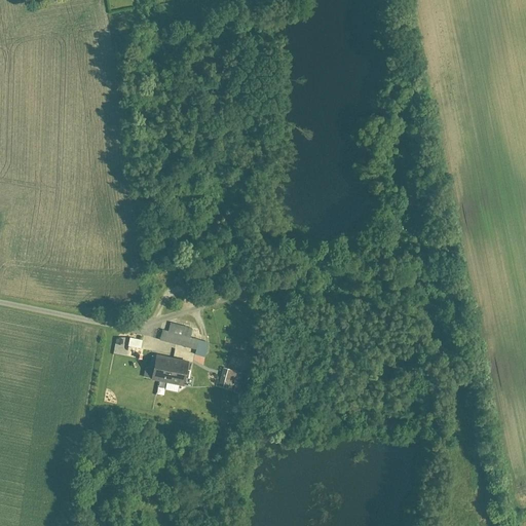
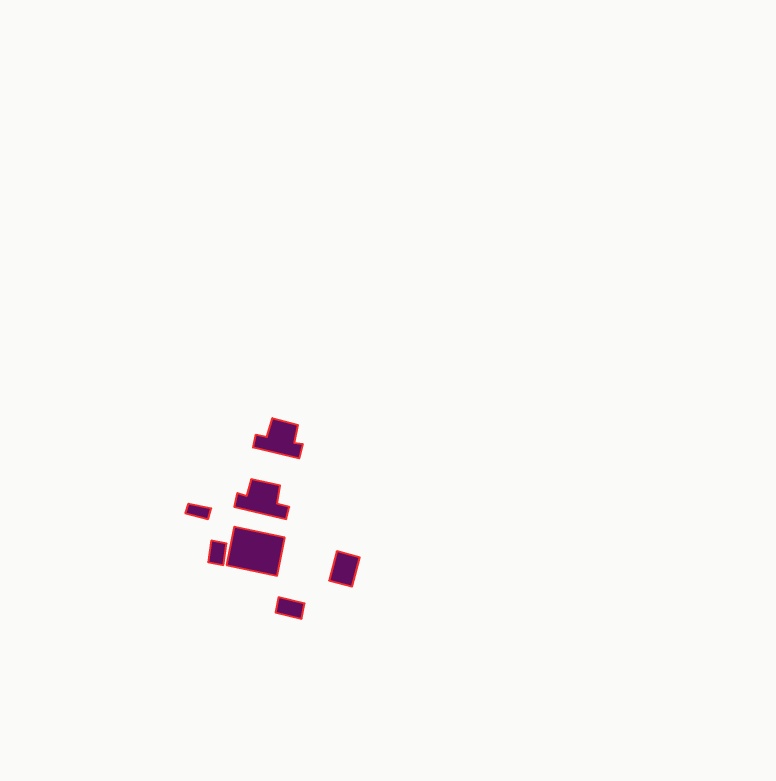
building: none -> [253,418,303,458]

